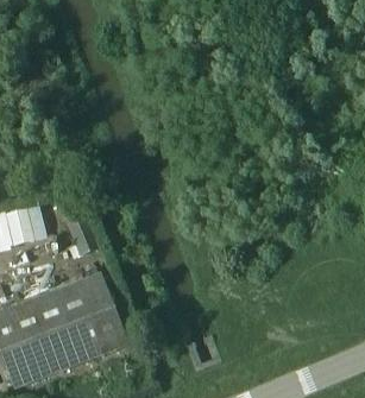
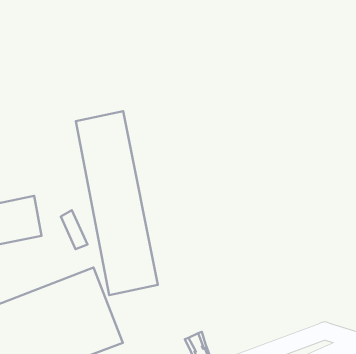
building: none -> [76,111,158,295]

